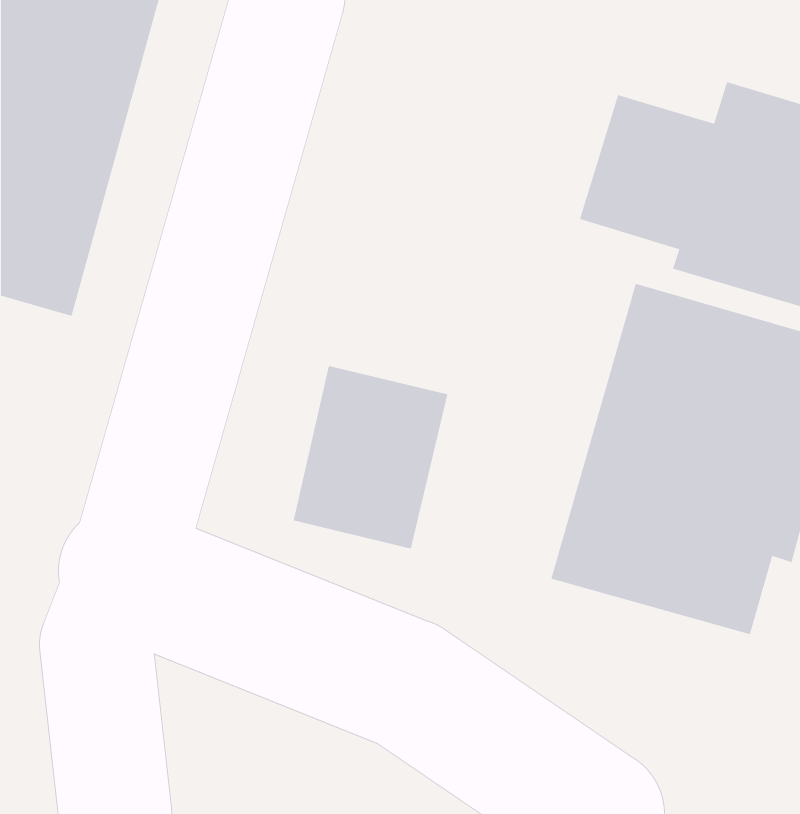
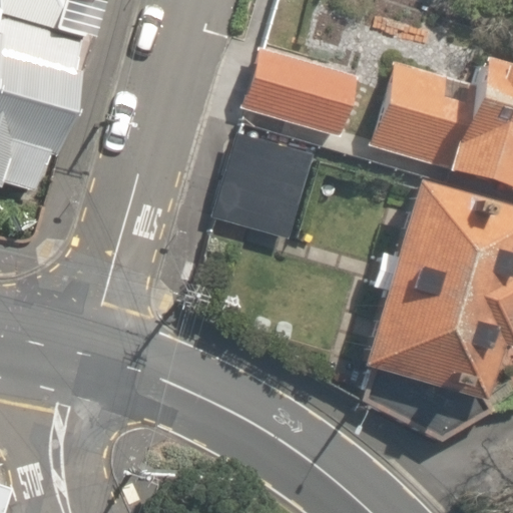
building: none -> [243,51,357,136]
building: [293,365,448,549] -> [214,121,312,236]

